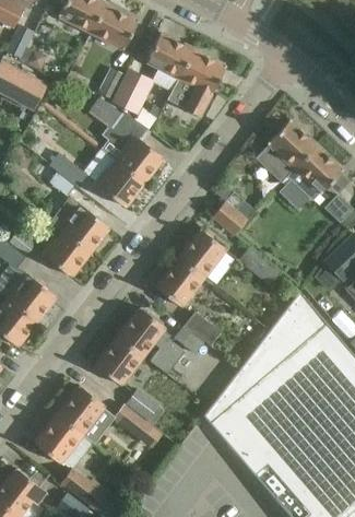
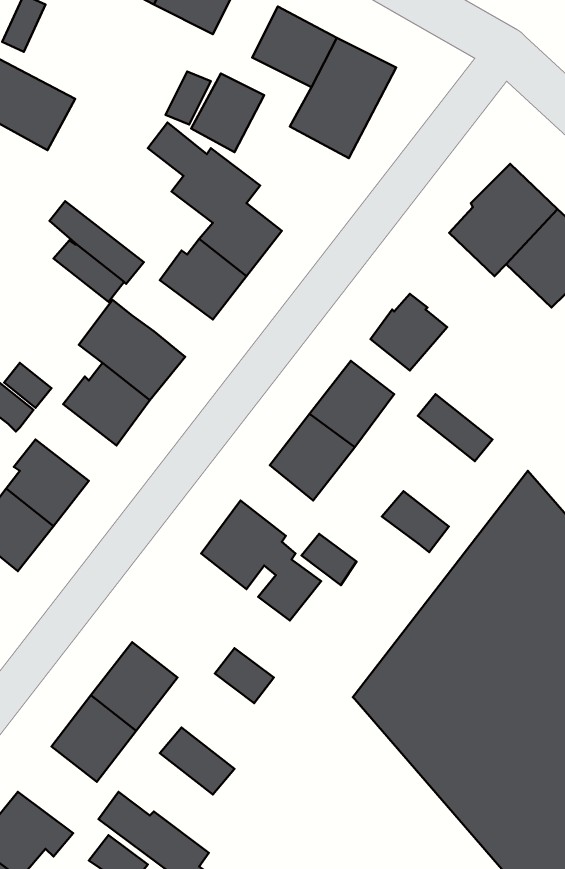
building: [184,312,221,345] -> [382,491,449,552]
building: [95,337,143,385] -> none
building: [113,404,154,442] -> [160,728,235,795]

